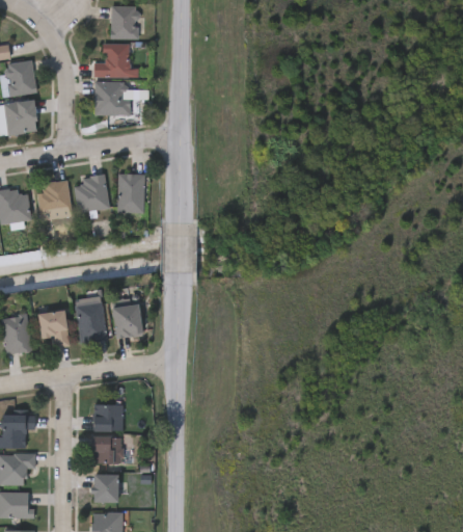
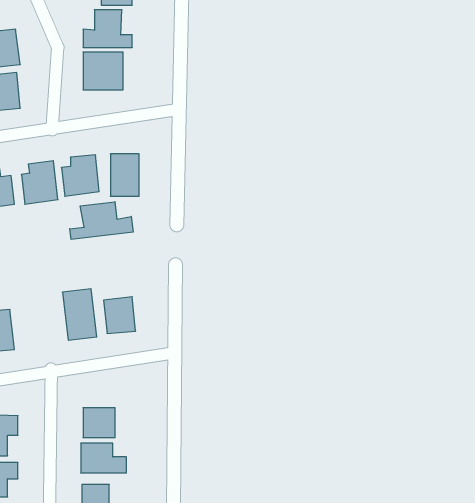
building: none -> [70,202,133,239]
building: [37,310,69,347] -> none

